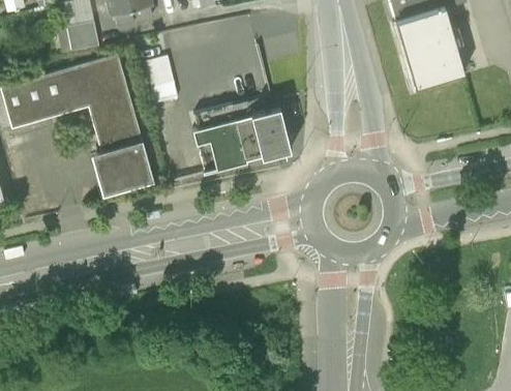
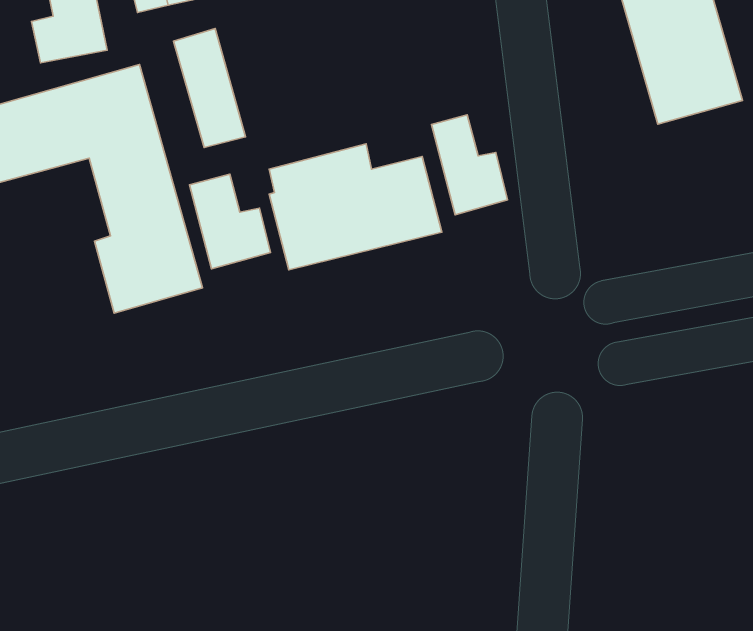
building: none -> [432,115,508,215]
building: none -> [190,174,270,269]

